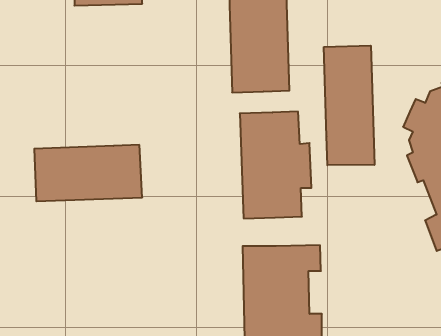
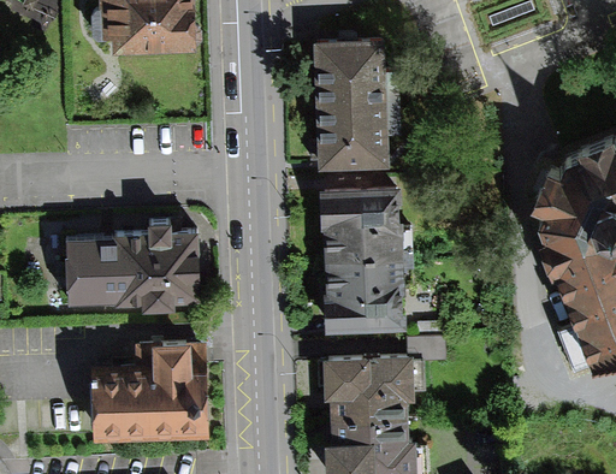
building: [324,46,374,165] -> none
building: none -> [99,342,207,434]

